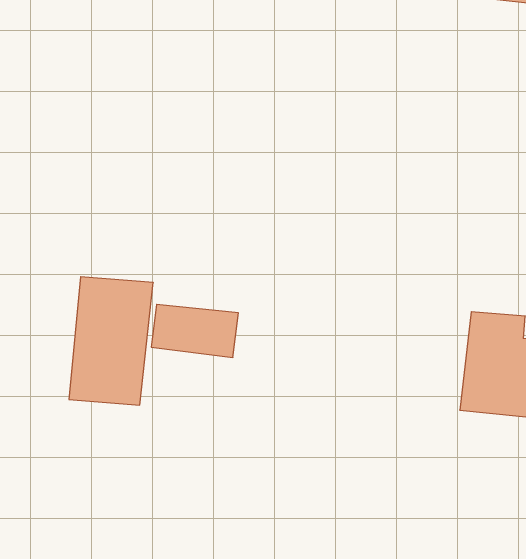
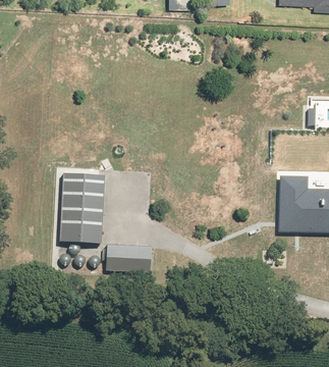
building: [151,304,238,357] -> [109,248,155,273]

